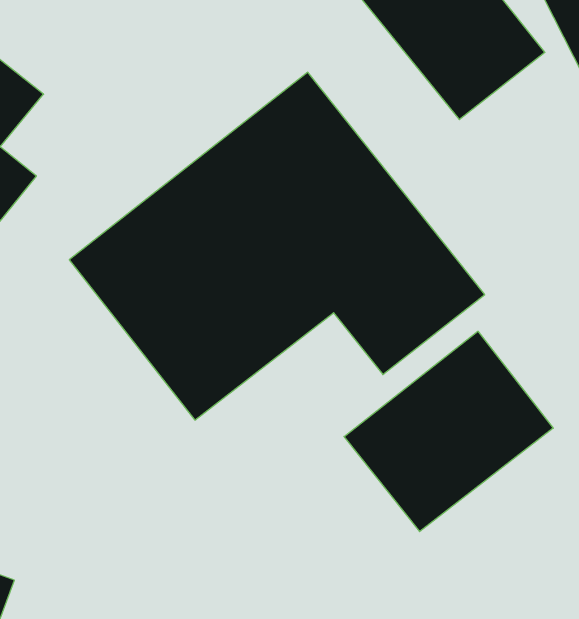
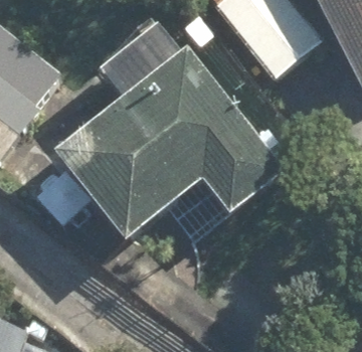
building: [344,331,553,532] -> none

